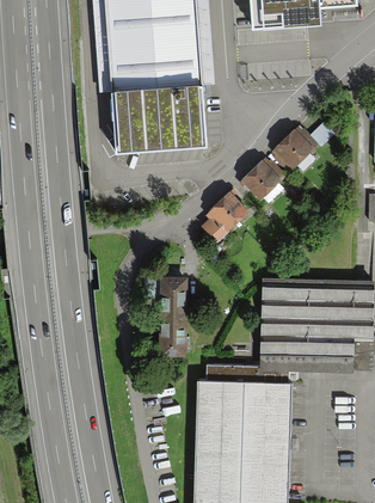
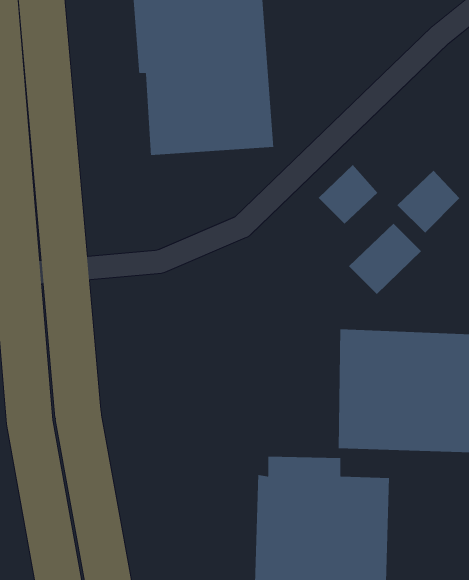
building: [271,128,316,173] -> [397,170,460,234]
building: [197,191,250,243] -> [348,223,422,295]
building: [159,277,189,352] -> none

